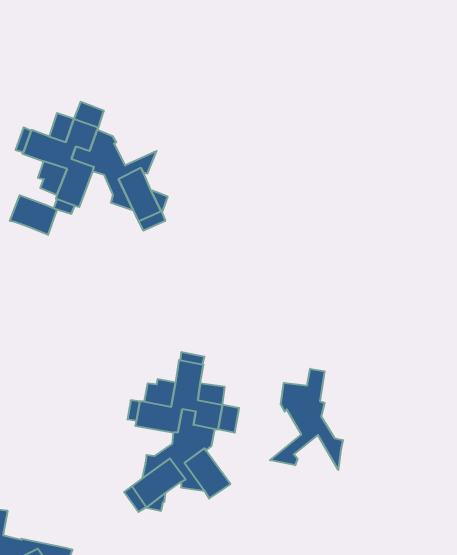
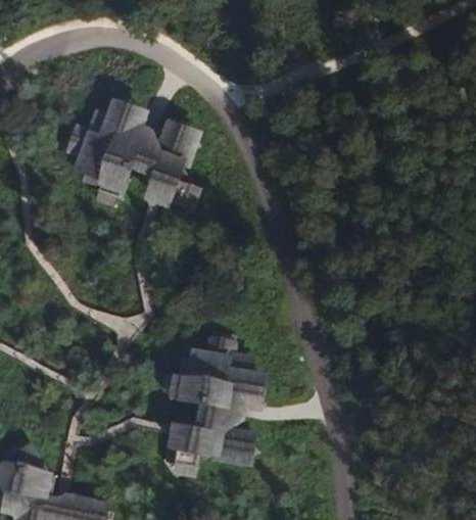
building: none -> [150,123,196,159]
building: [10,195,57,235] -> none
building: [270,369,343,470] -> none

